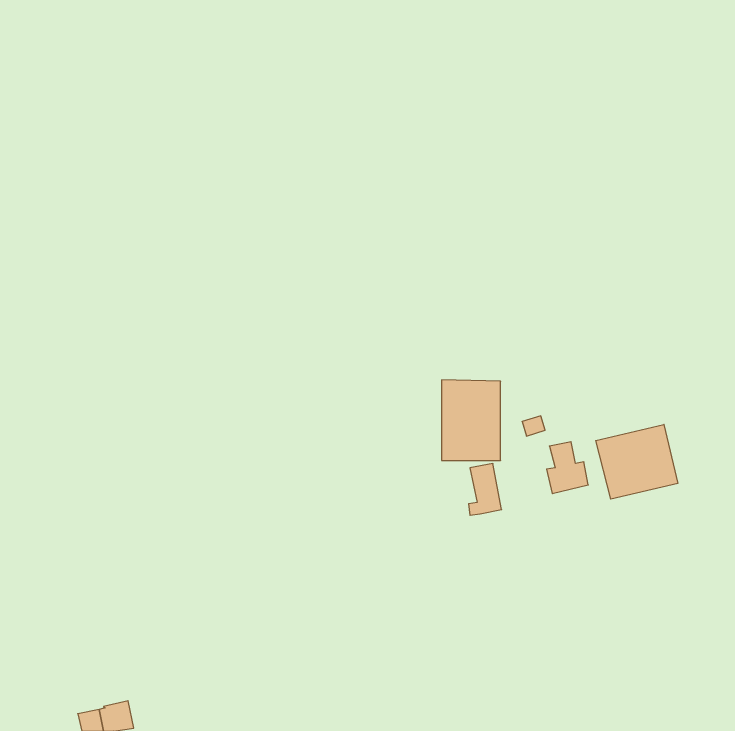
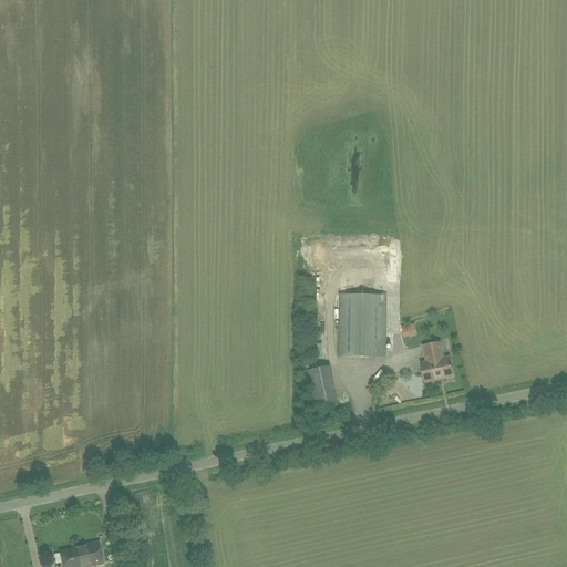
building: [596,424,678,499] -> none
building: [469,464,502,515] -> [305,365,330,405]

